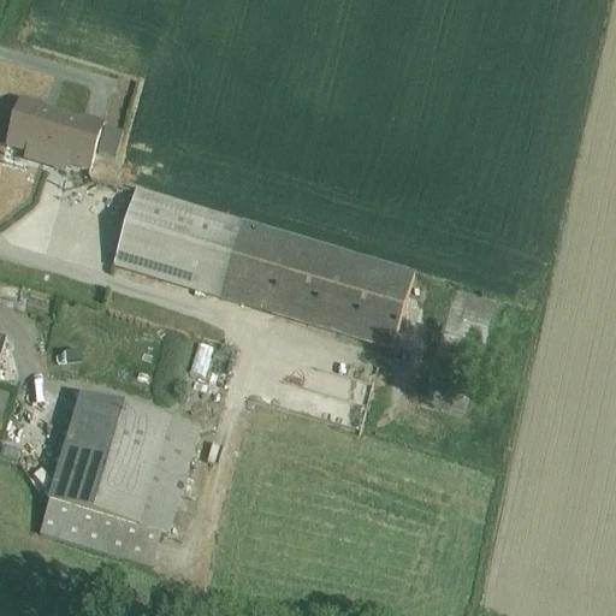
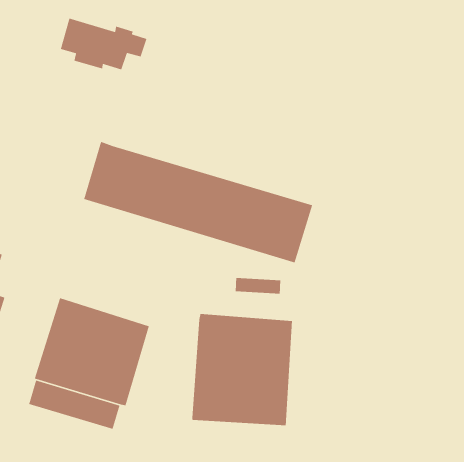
building: [5,100,120,170] -> [60,17,147,70]
building: none -> [191,313,293,426]

